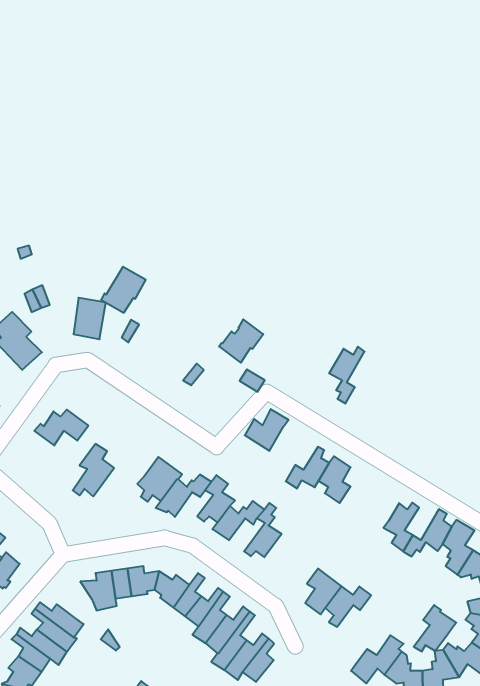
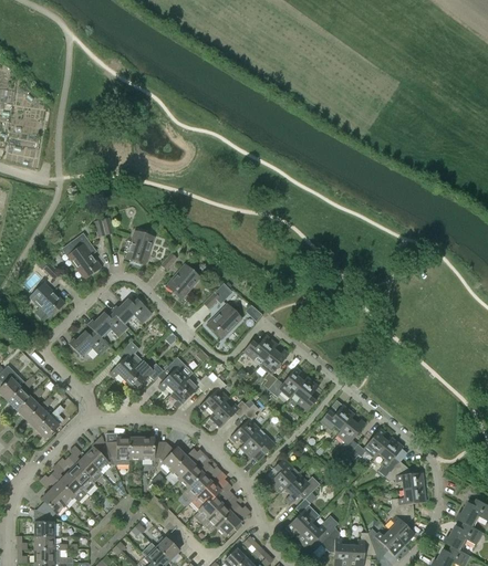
building: [101,267,146,313] -> [165,263,200,297]
building: [219,319,263,363] -> [207,305,241,337]
building: [329,347,365,404] -> [260,348,289,389]
building: none -> [112,298,152,323]
building: none -> [69,331,108,356]
building: none -> [124,360,164,389]
building: none -> [320,403,354,430]
building: none -> [240,428,274,458]
building: none -> [85,434,112,470]
building: [414,605,456,651] -> [285,499,320,533]

